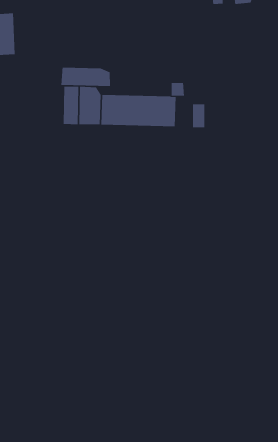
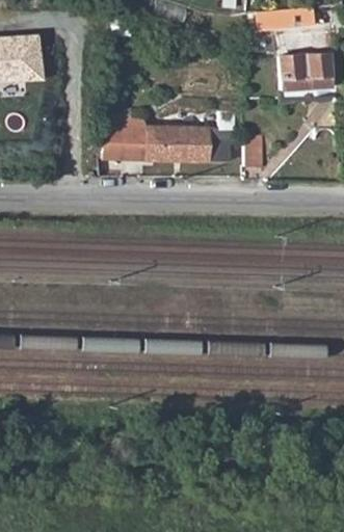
building: none -> [279,54,330,89]
building: [61,67,110,87] -> none

